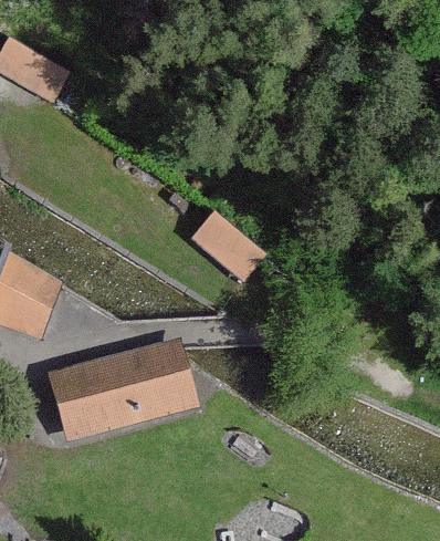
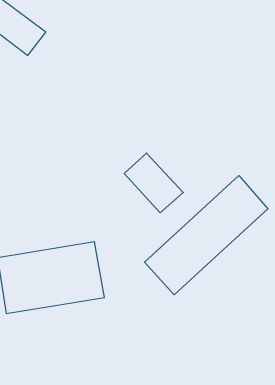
building: none -> [144,176,268,295]

